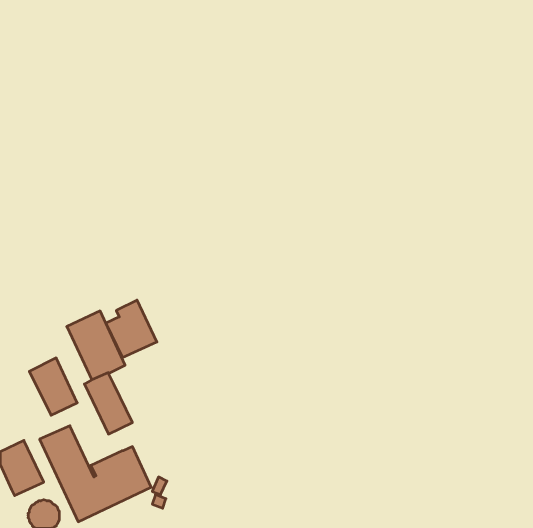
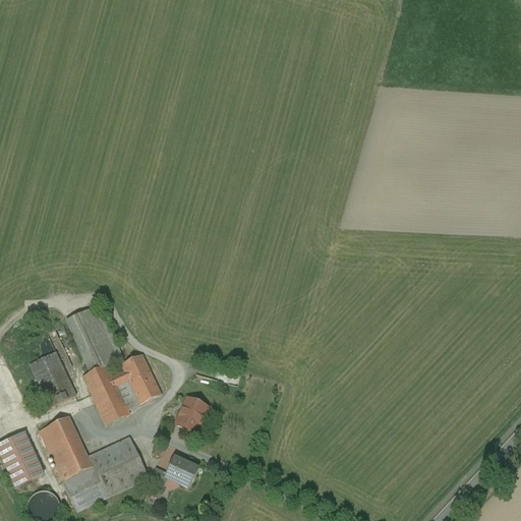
building: [106,300,157,358] -> [111,352,161,408]
building: none -> [174,395,208,431]
building: none -> [164,455,197,485]

